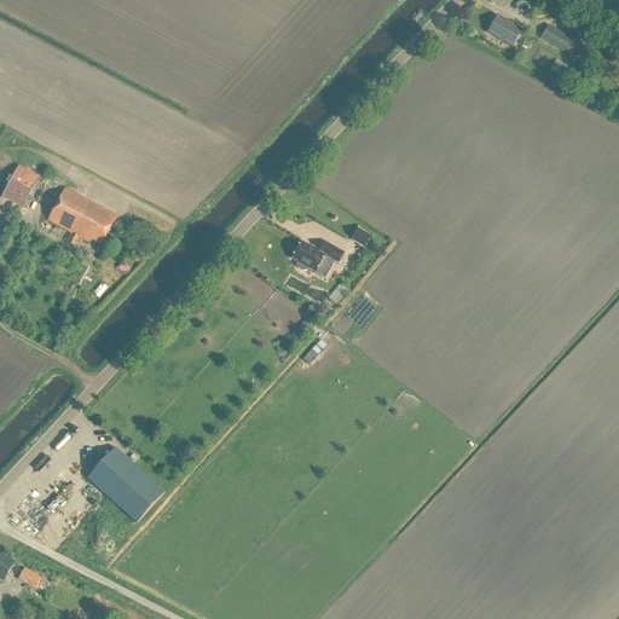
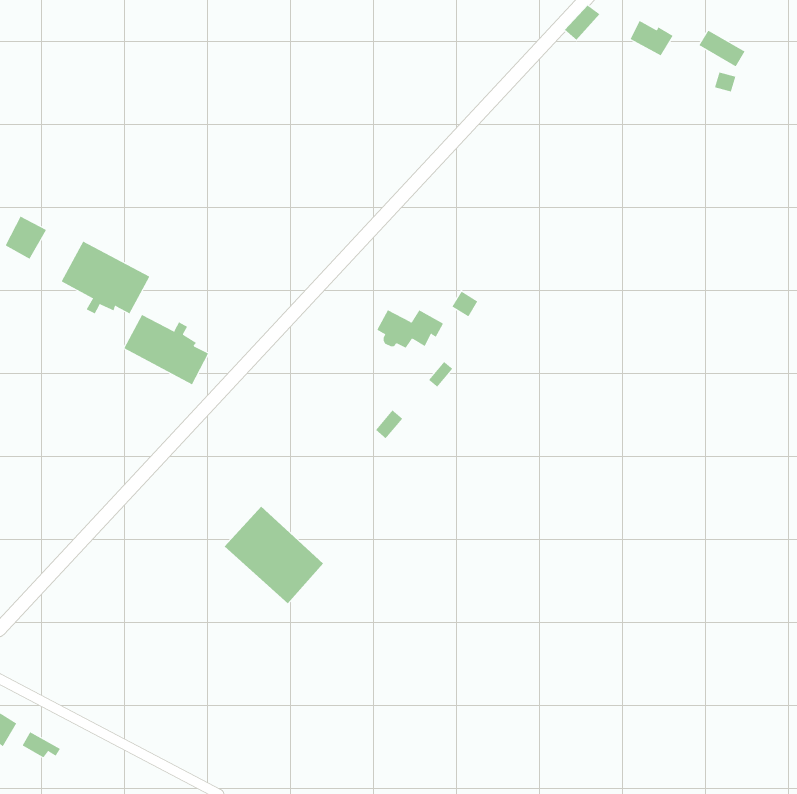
building: none -> [124,314,209,385]
building: [86,445,163,521] -> [224,506,324,604]

